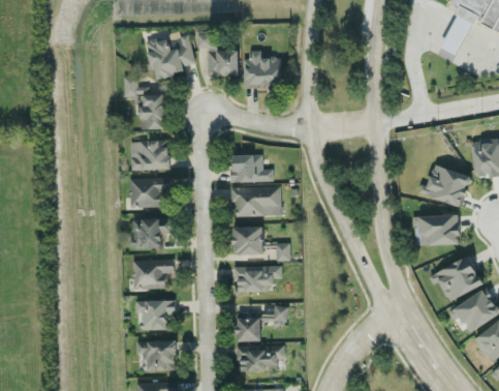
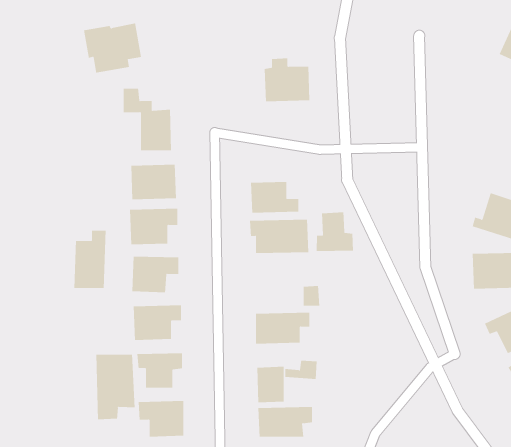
building: [196,32,239,77] -> none
building: [146,36,195,79] -> [83,23,142,73]
building: none -> [316,211,353,252]
building: none -> [74,230,106,289]
building: [232,227,263,255] -> none
building: none -> [96,354,135,420]

